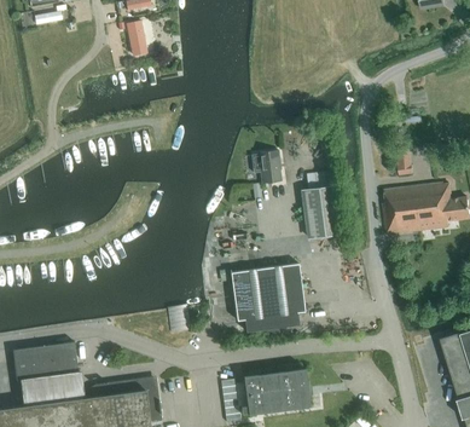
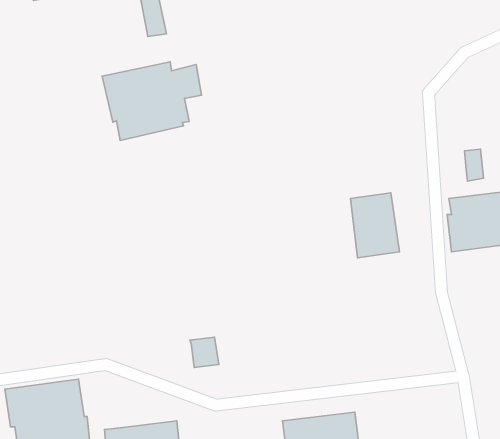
building: none -> [102,62,202,141]
building: [251,150,282,184] -> none
building: [231,264,304,336] -> none

